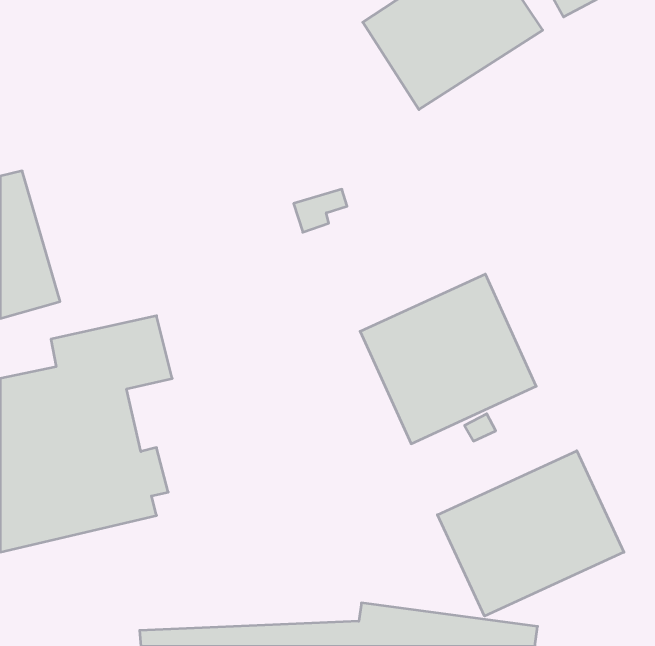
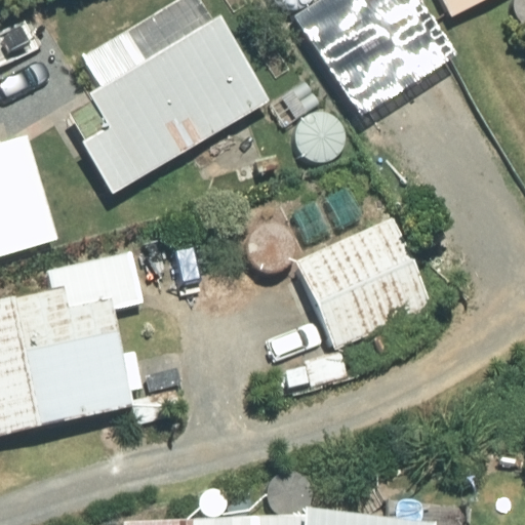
building: none -> [77,14,270,196]
building: [437,451,624,616] -> none

